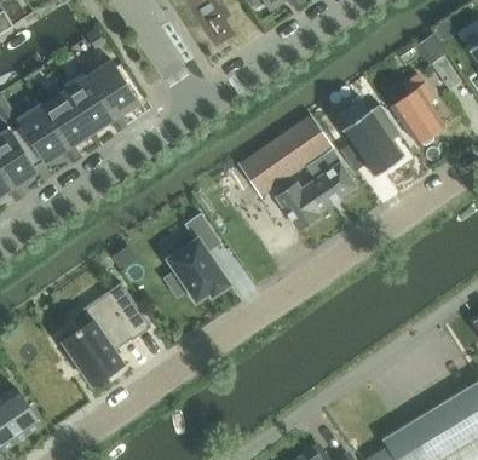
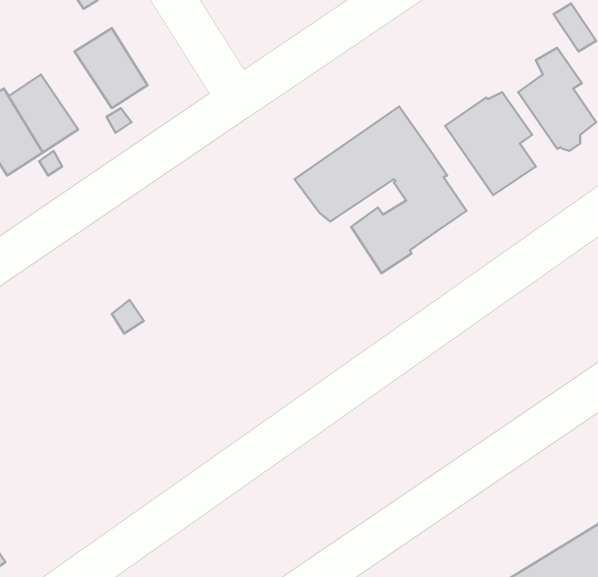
building: [65,77,114,131] -> none
building: [171,213,231,301] -> none
building: [62,283,151,385] -> none

